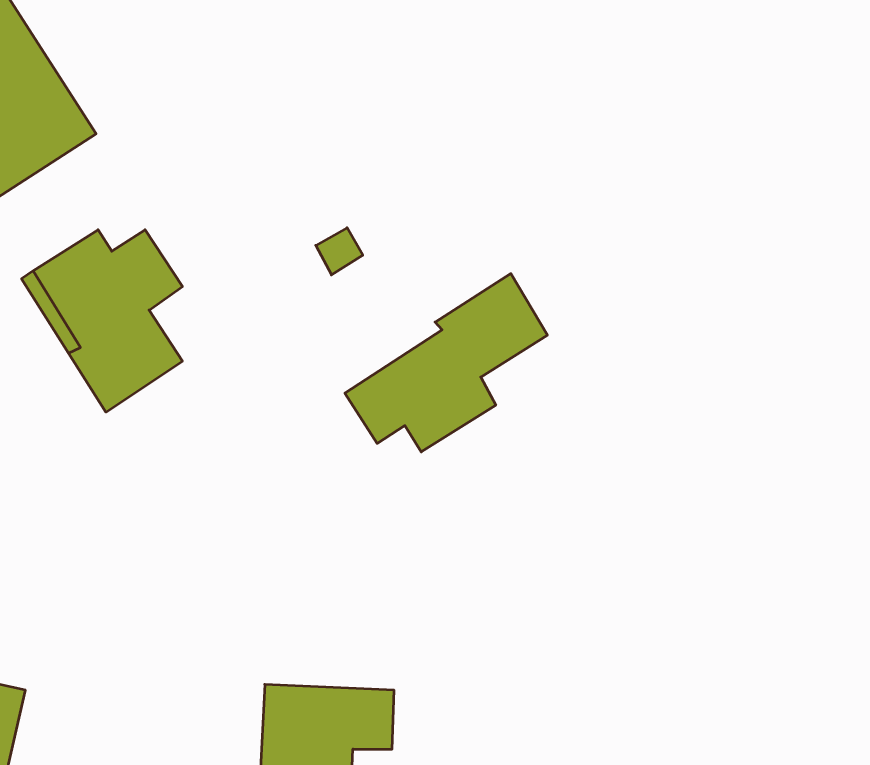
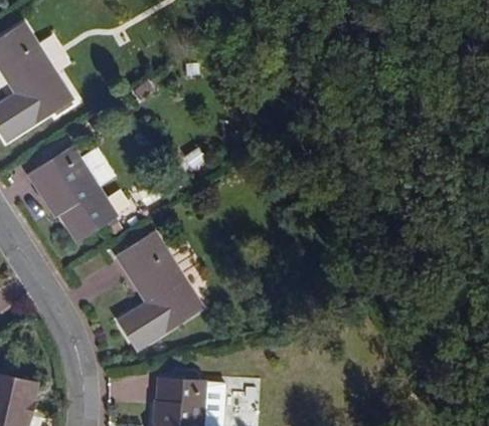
building: [345,274,547,452] -> none
building: none -> [117,234,202,352]

